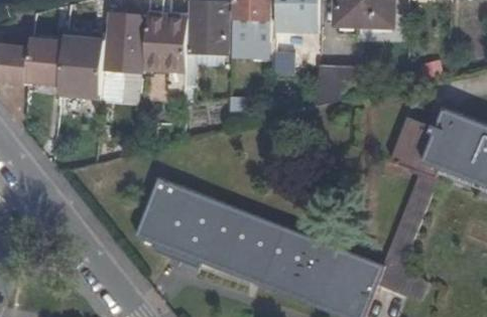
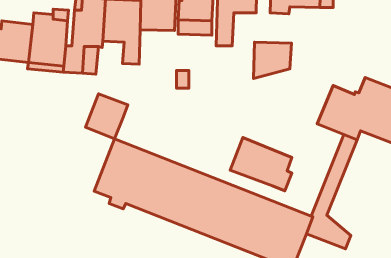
building: none -> [86,94,128,139]
building: none -> [230,138,292,191]

